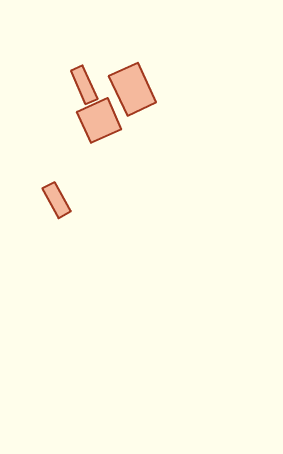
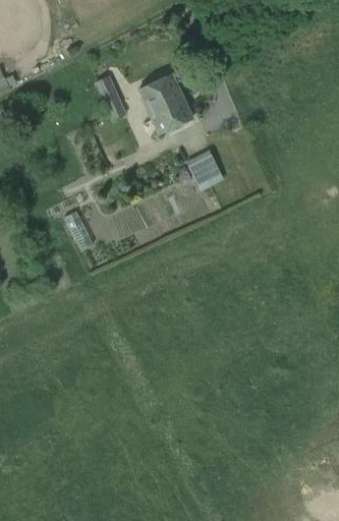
building: [77,98,121,143] -> none
building: none -> [187,150,224,189]

